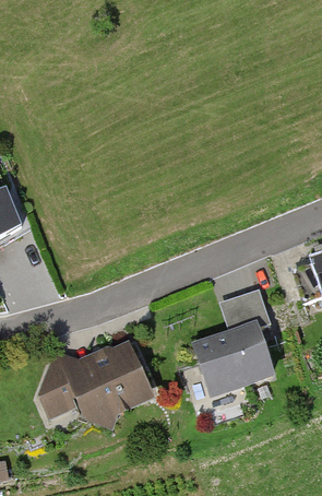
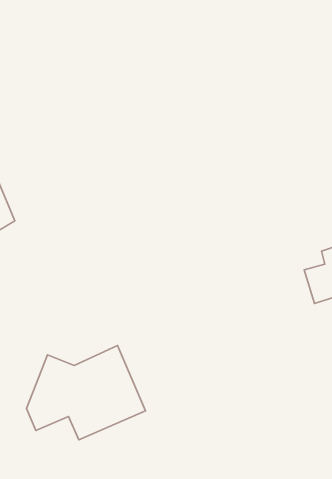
building: [196,288,273,393] -> none

